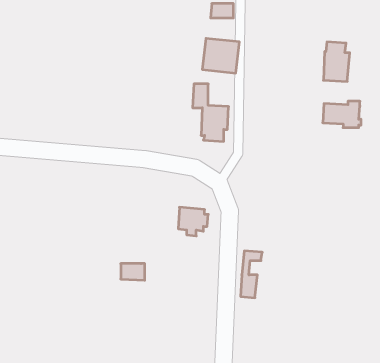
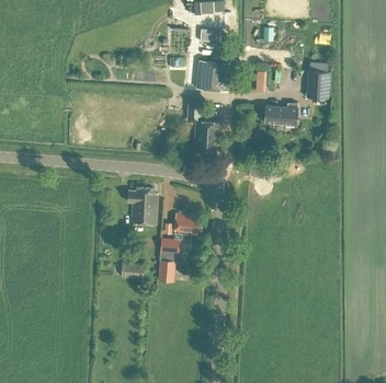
building: [323,101,361,128] -> [263,103,298,127]
building: none -> [126,187,157,224]
building: [241,251,262,298] -> [158,239,178,281]

